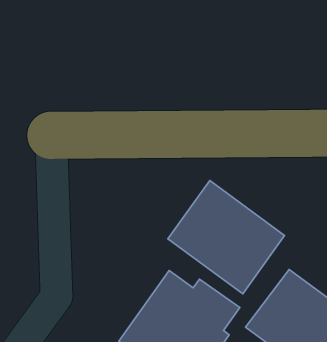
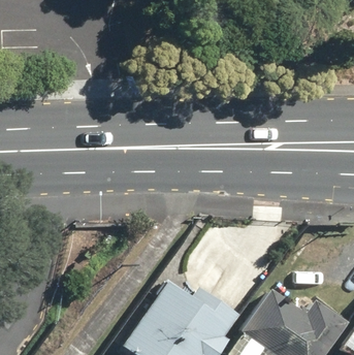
building: [168,181,285,294] -> none

